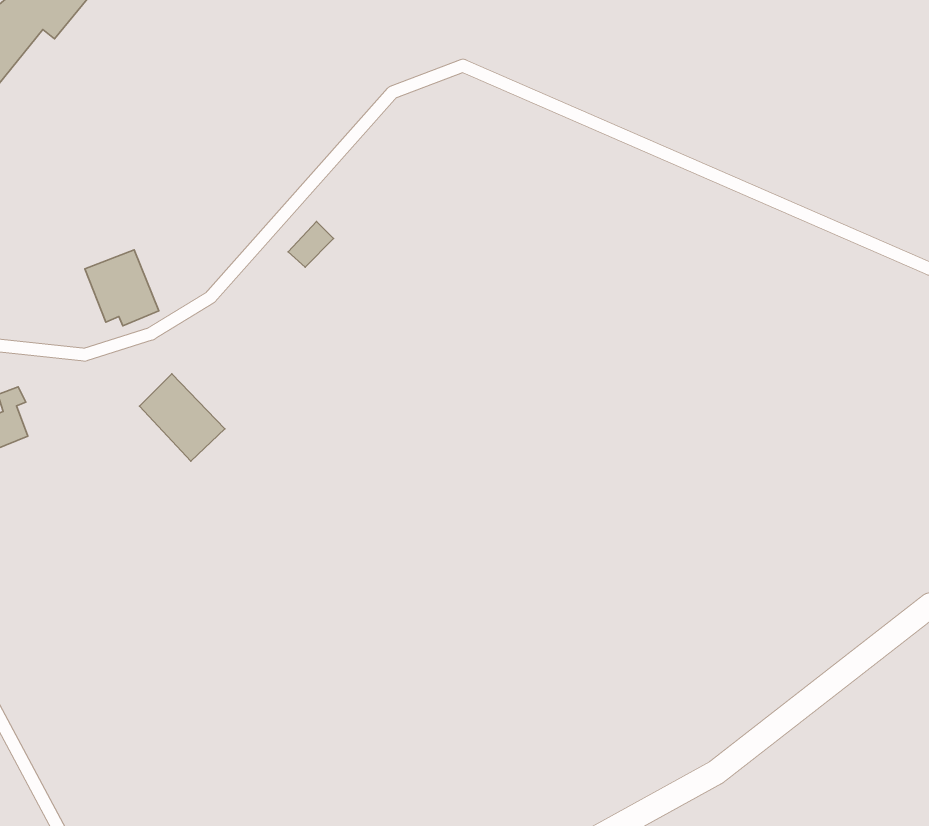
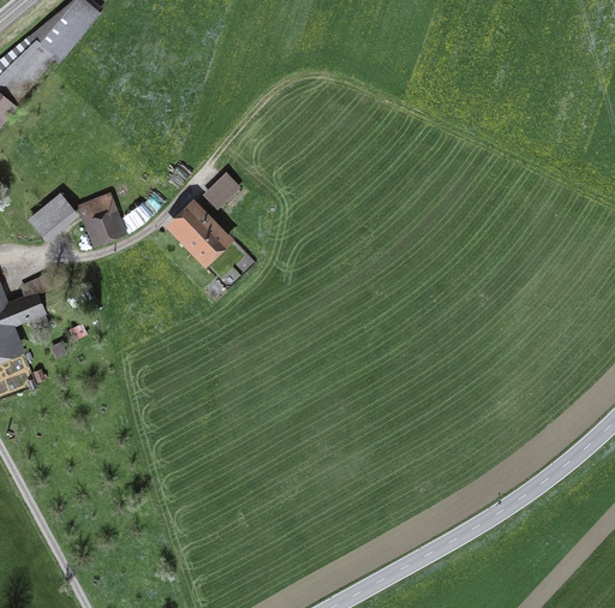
building: none -> [31,196,73,234]
building: [139,374,225,461] -> [173,205,227,261]

